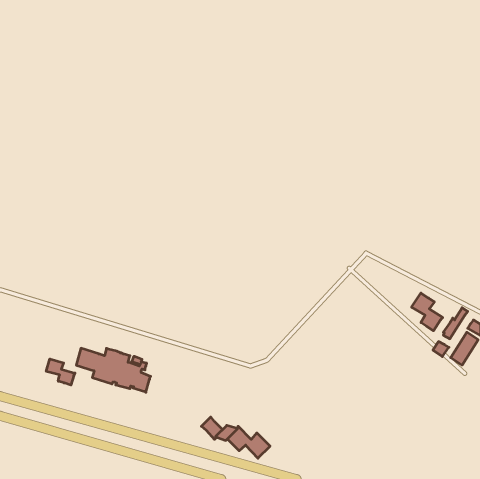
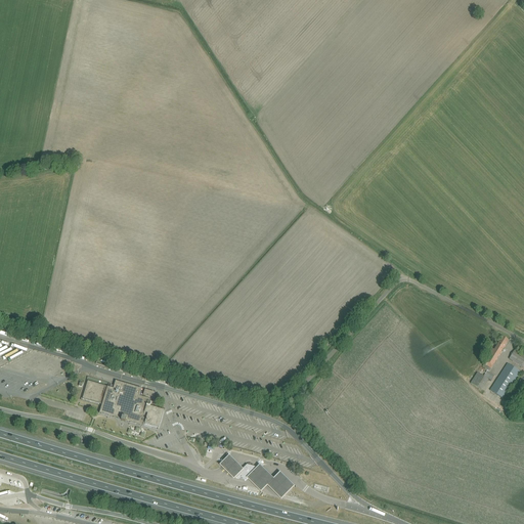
building: [412,293,443,331] -> none
building: [46,359,75,385] -> none

